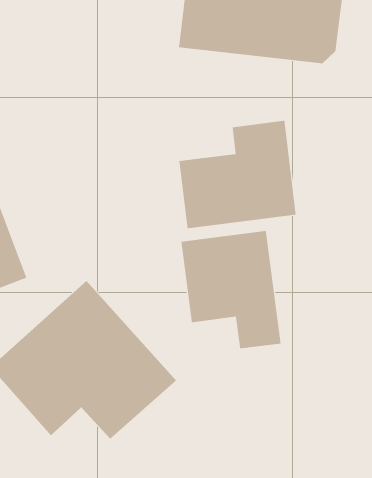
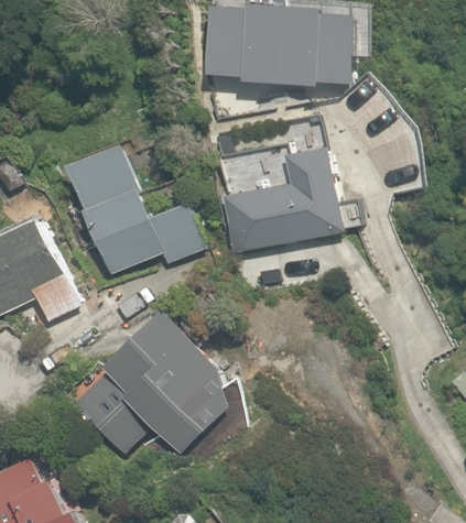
building: none -> [68,145,209,277]
building: [181,230,281,349] -> none

